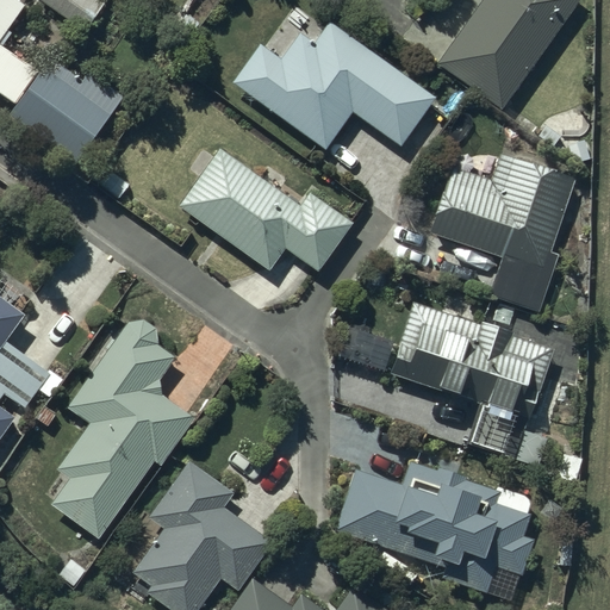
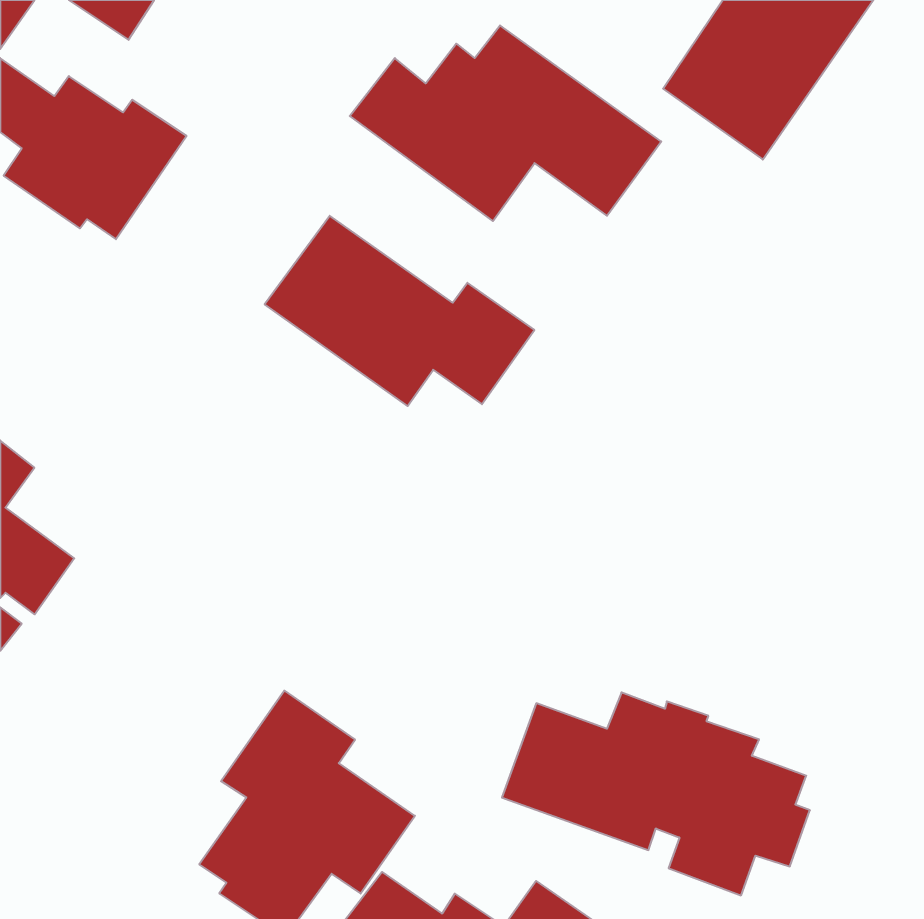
building: [428,152,579,315] -> none
building: [386,301,553,467] -> none
building: [50,317,194,540] -> none

